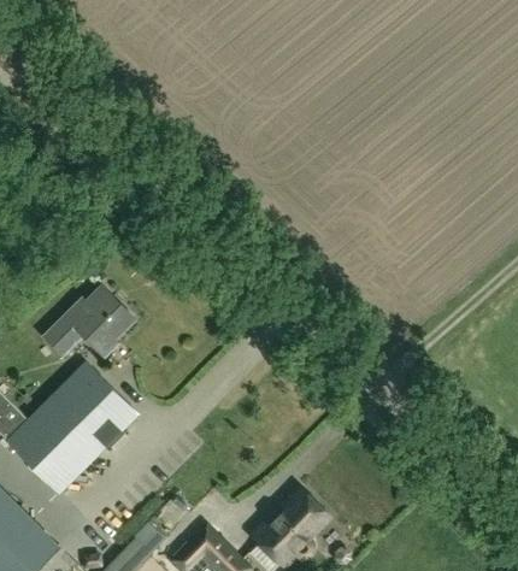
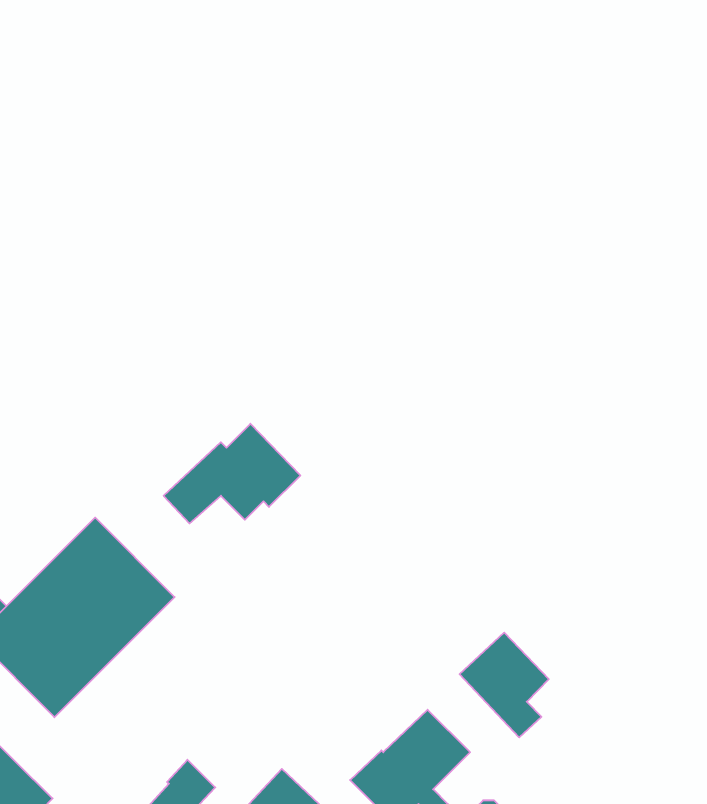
building: [46,289,135,354] -> [164,424,300,523]
building: none -> [460,633,549,737]

